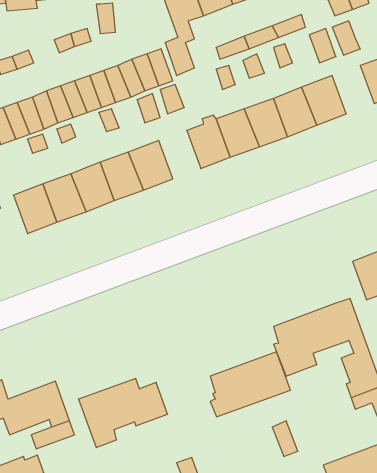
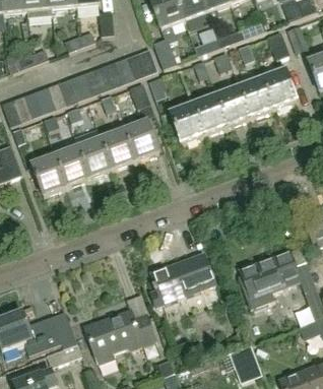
building: [210,352,291,417] -> [150,253,214,305]

